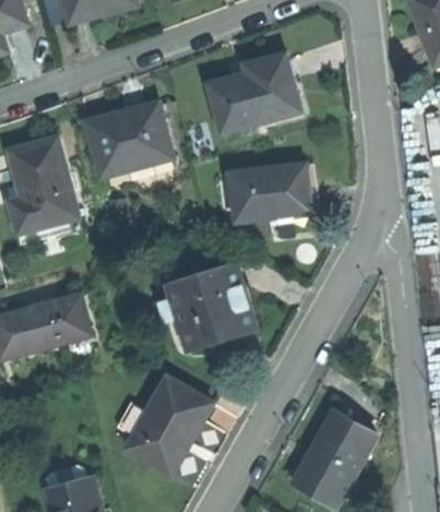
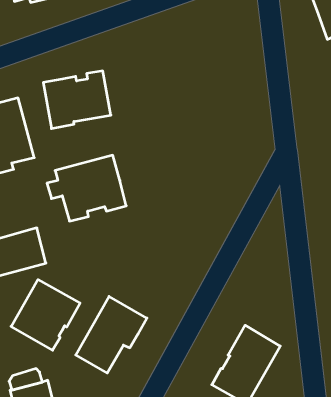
building: [212,52,301,131] -> none
building: [231,164,311,221] -> none
building: [159,267,255,347] -> [47,155,126,221]
building: none -> [11,280,80,350]

